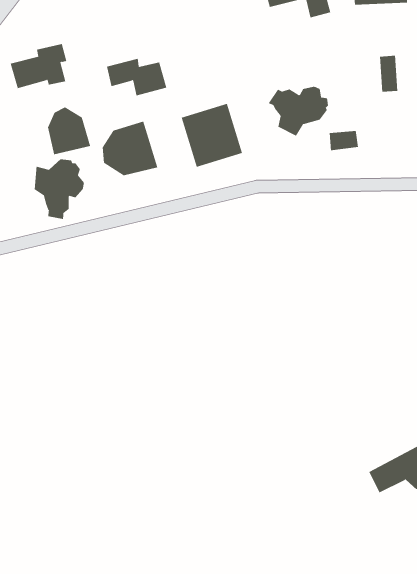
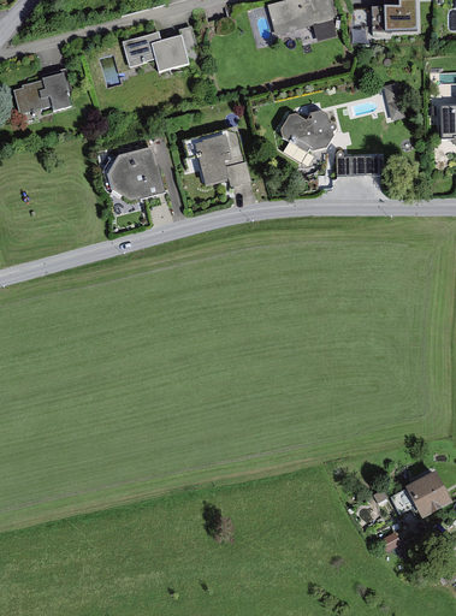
building: [106,58,167,96] -> [128,31,189,70]
building: [47,107,91,155] -> none
building: [34,158,84,220] -> none

